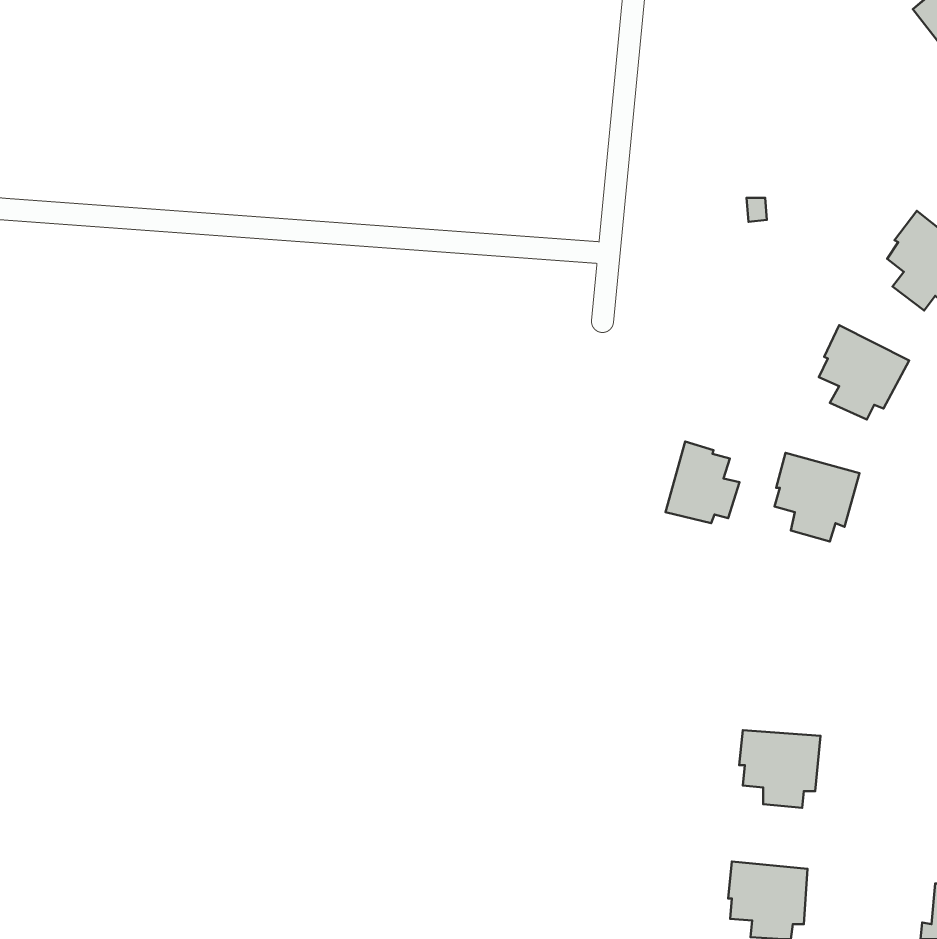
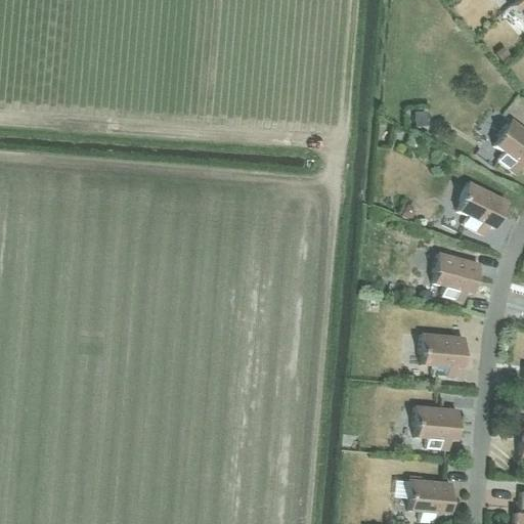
building: [666,441,739,523] -> none
building: none -> [420,332,465,376]

